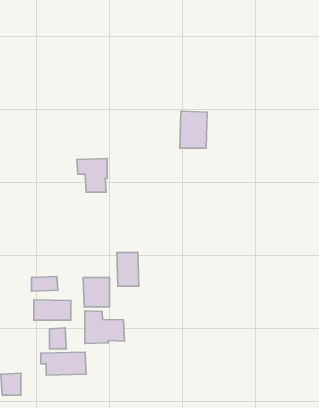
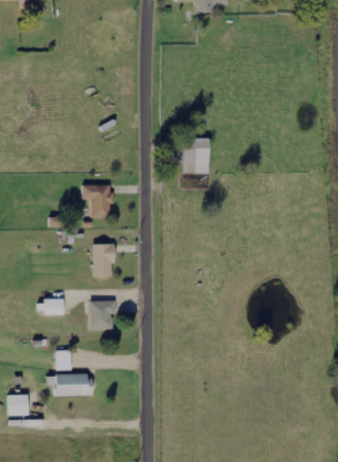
building: [117,252,139,286] -> [92,244,113,277]
building: [34,300,71,320] -> none
building: [85,311,124,344] -> none

